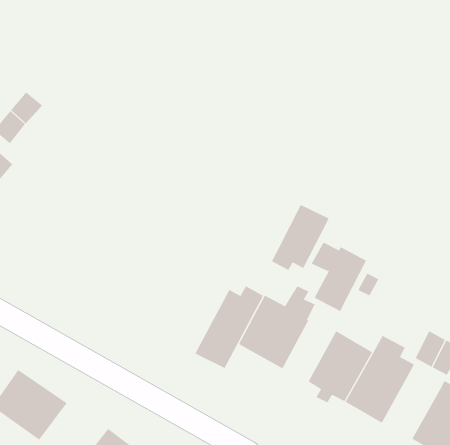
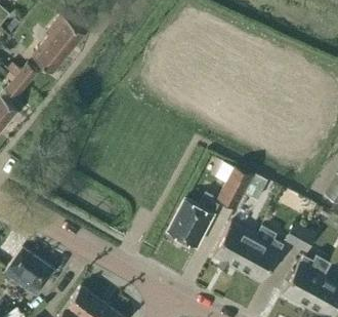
building: none -> [31,14,84,74]
building: [271,204,330,271] -> none
building: [195,285,264,369] -> none

